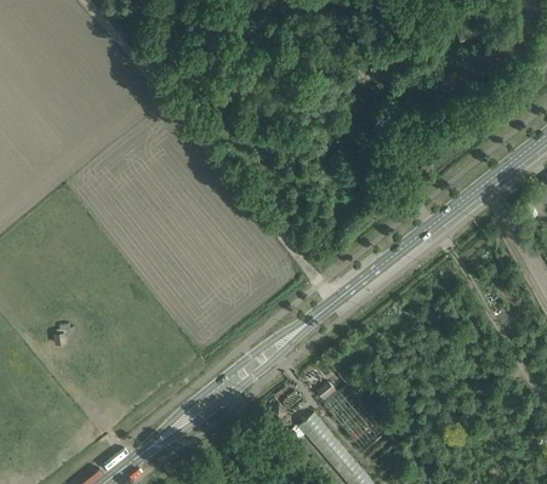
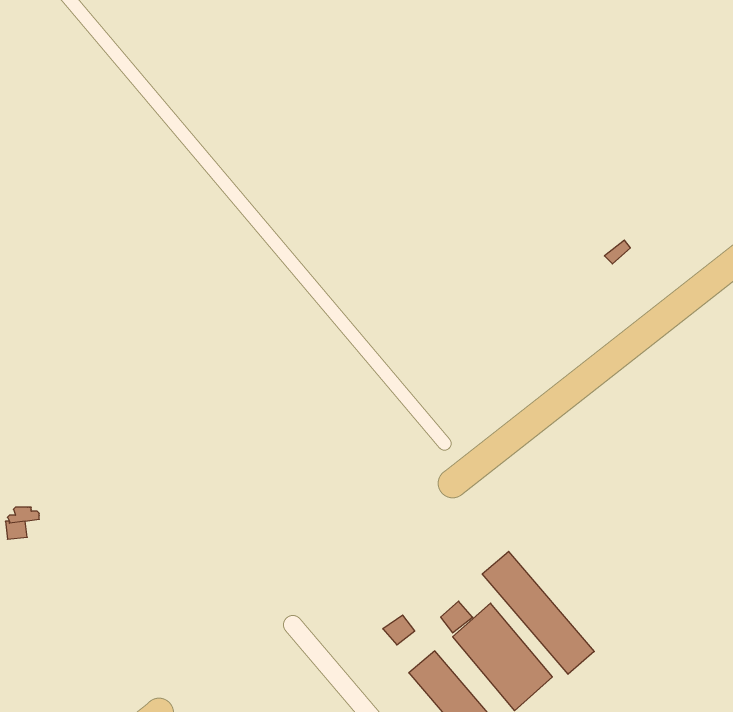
building: none -> [482,551,594,674]

